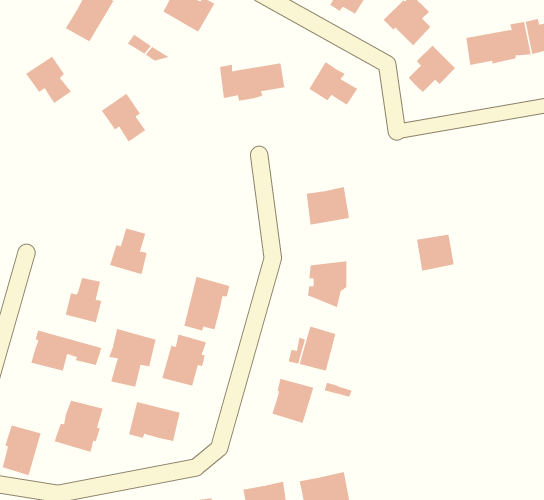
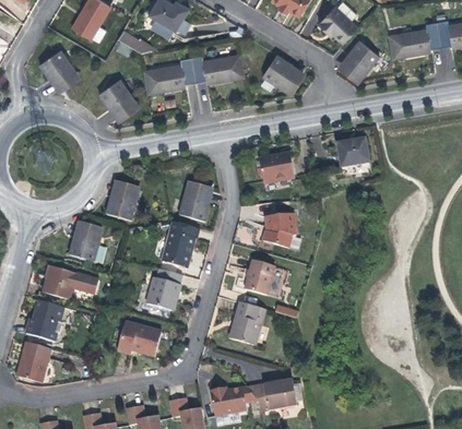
building: none -> [143,58,194,92]
building: none -> [178,188,209,225]
building: [416,234,455,271] -> [339,139,369,168]
building: [109,328,156,388] -> none
building: [54,400,103,452] -> [25,300,64,342]

